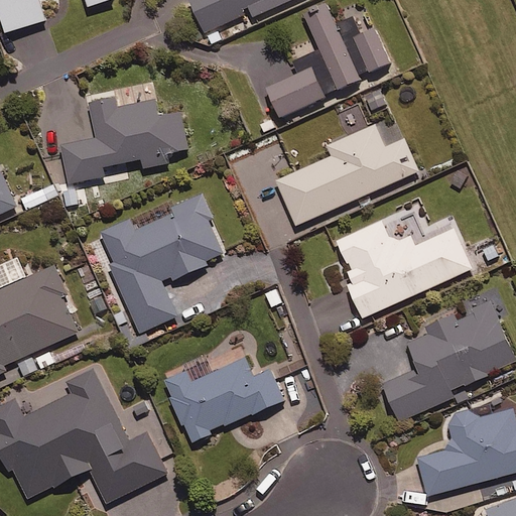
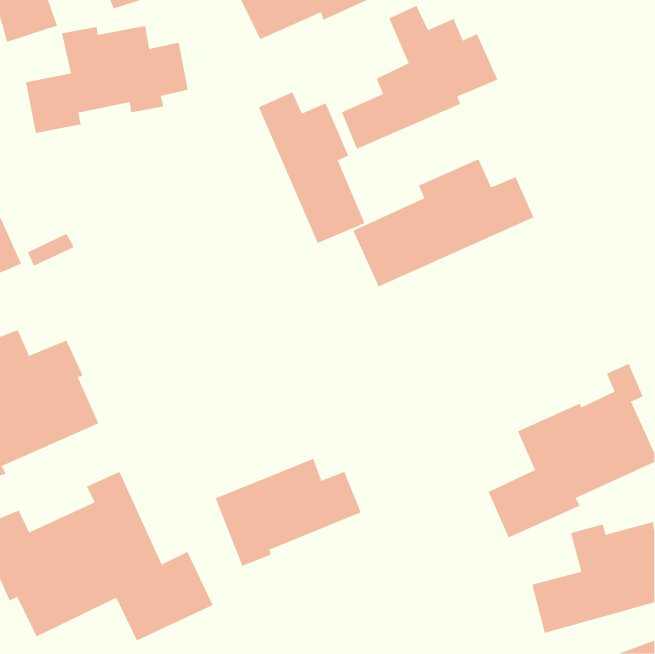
building: none -> [258,92,365,244]
building: [60,99,188,183] -> [25,25,188,134]
building: [100,196,225,333] -> none
building: [336,204,472,317] -> none

